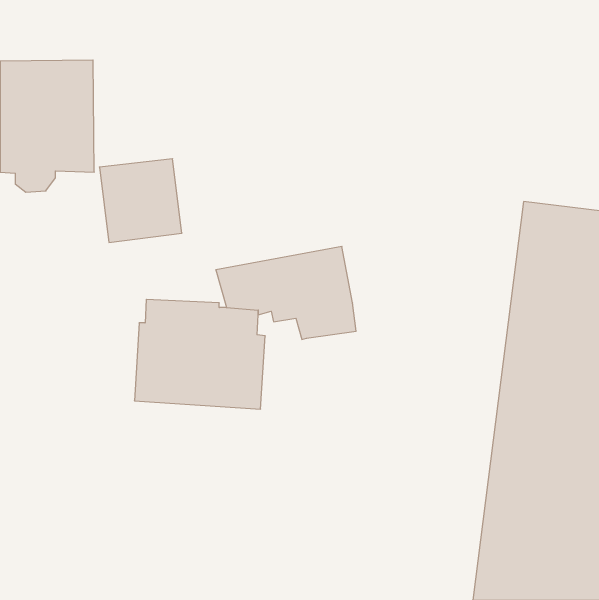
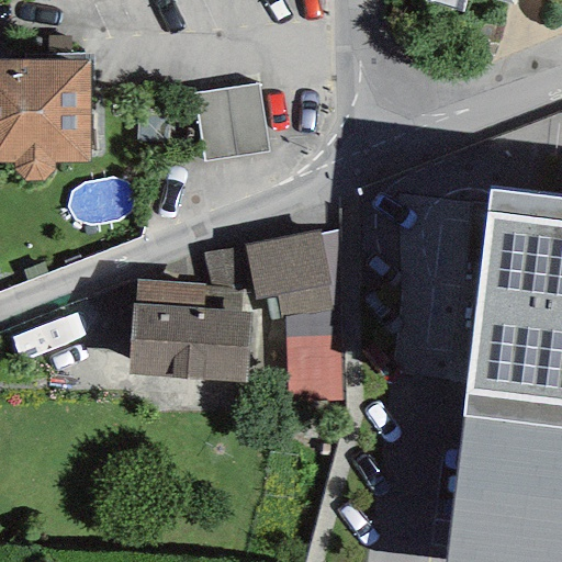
building: [99,159,182,242] -> [196,83,273,161]
building: none -> [289,307,344,400]

